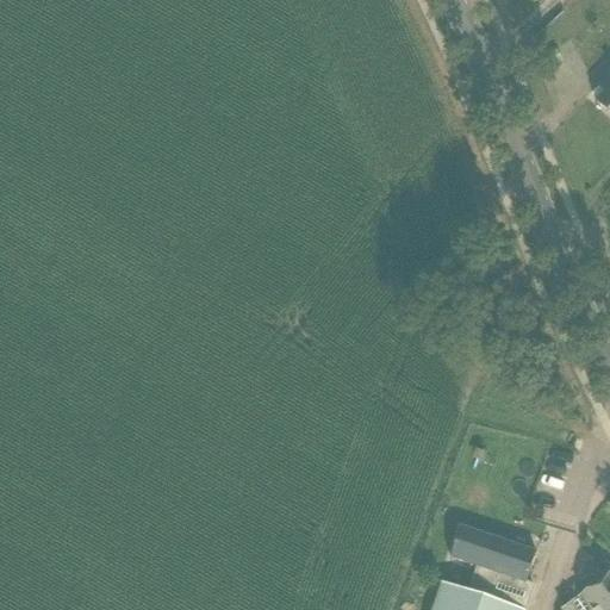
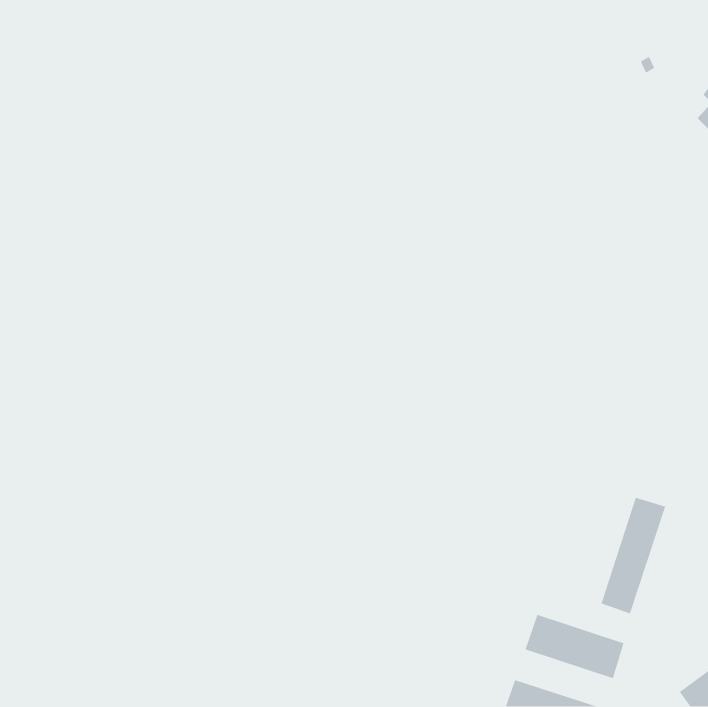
building: none -> [600,497,666,615]

